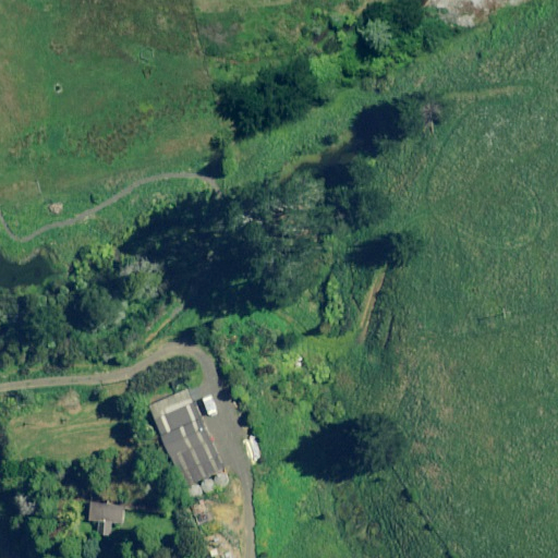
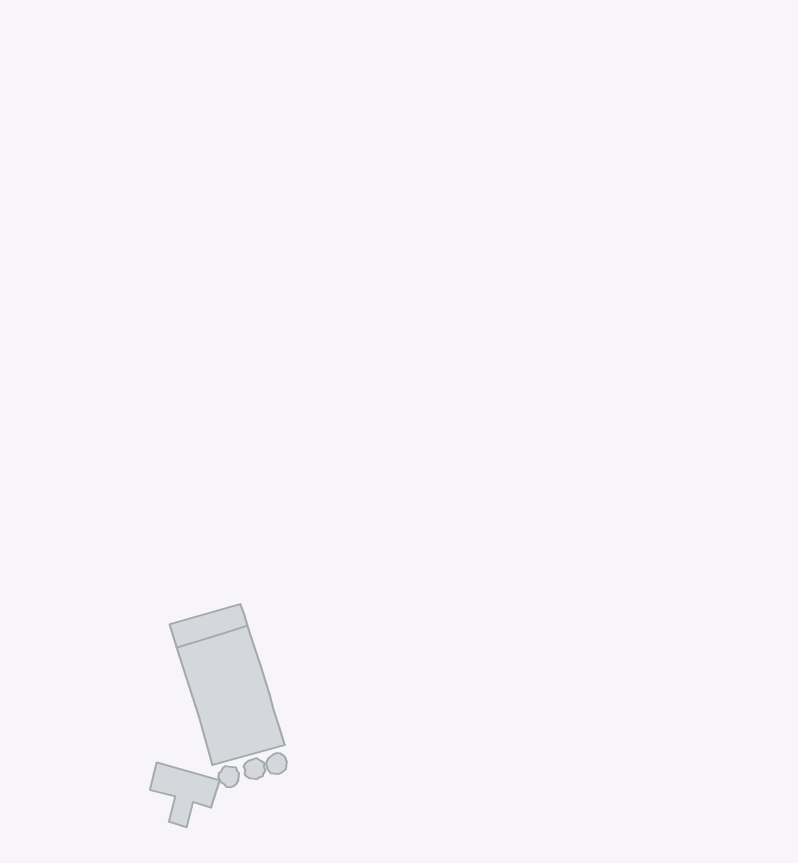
building: [84,501,124,537] -> [150,763,220,827]

